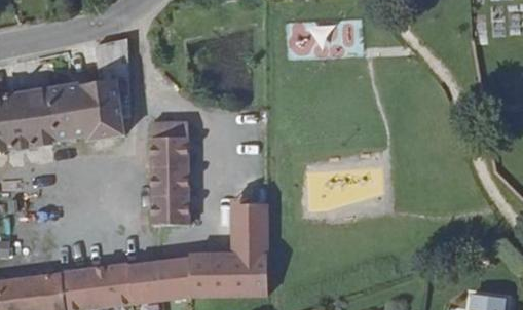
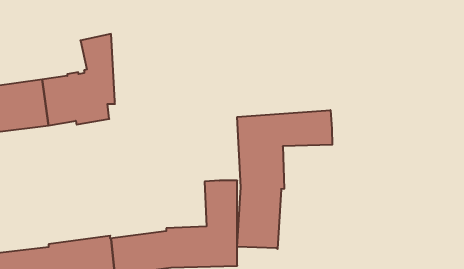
building: [152,121,189,224] -> none
building: none -> [237,110,332,249]

